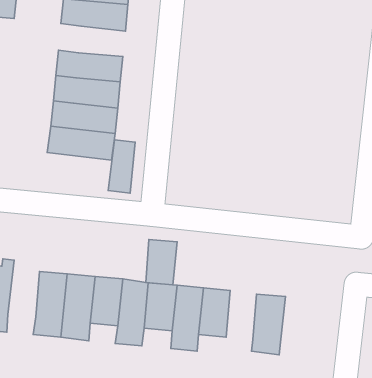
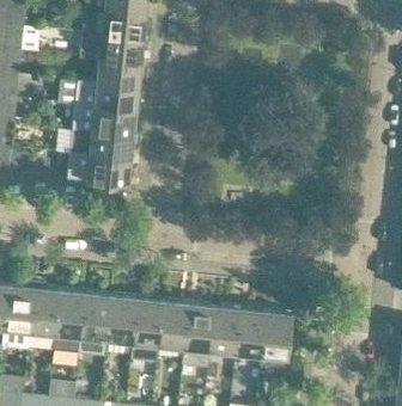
building: none -> [97,59,141,87]
building: [108,140,135,193] -> none
building: [146,239,177,285] -> none
building: none -> [30,279,60,333]
building: none -> [237,308,266,355]

